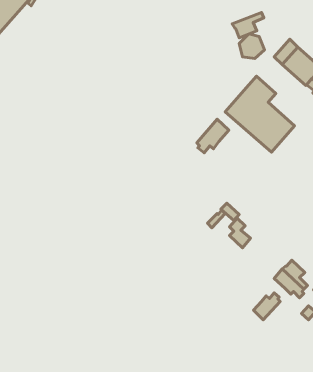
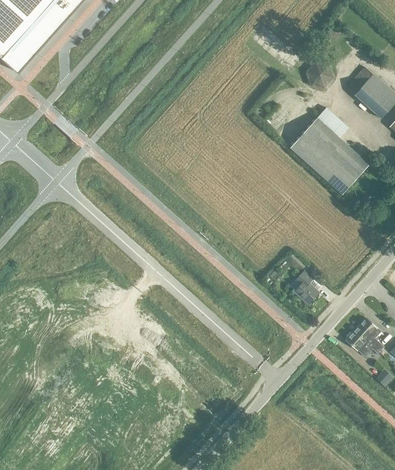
building: [232,12,264,38] -> none
building: [197,119,229,153] -> none
building: [254,293,280,320] -> none

